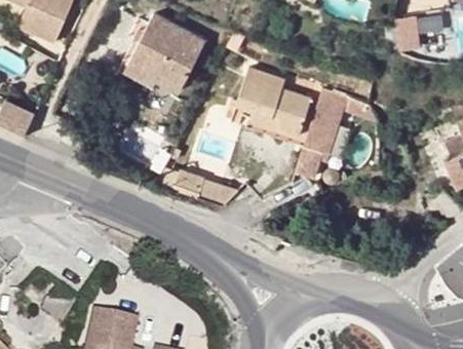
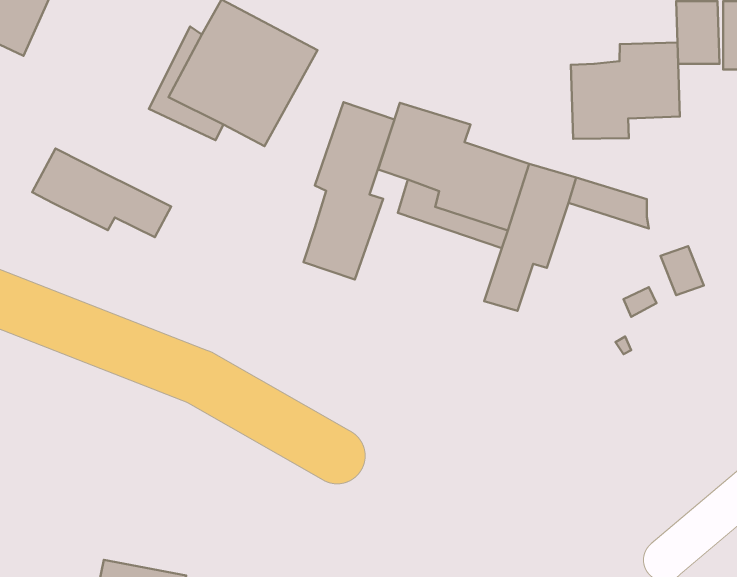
building: none -> [571,42,680,139]
building: none -> [304,102,395,279]
building: none -> [32,149,171,237]

